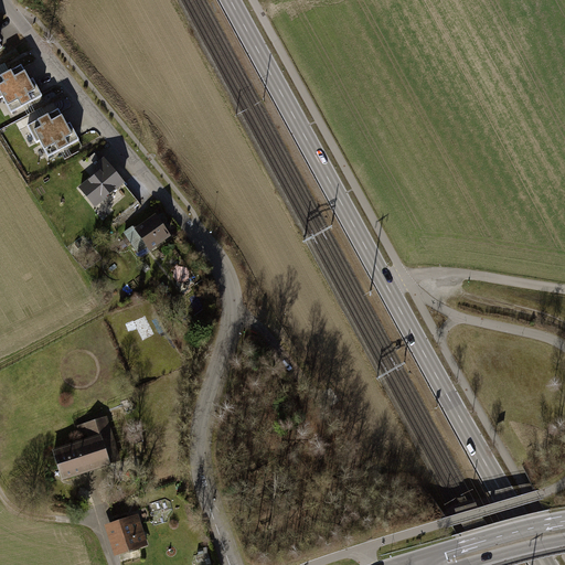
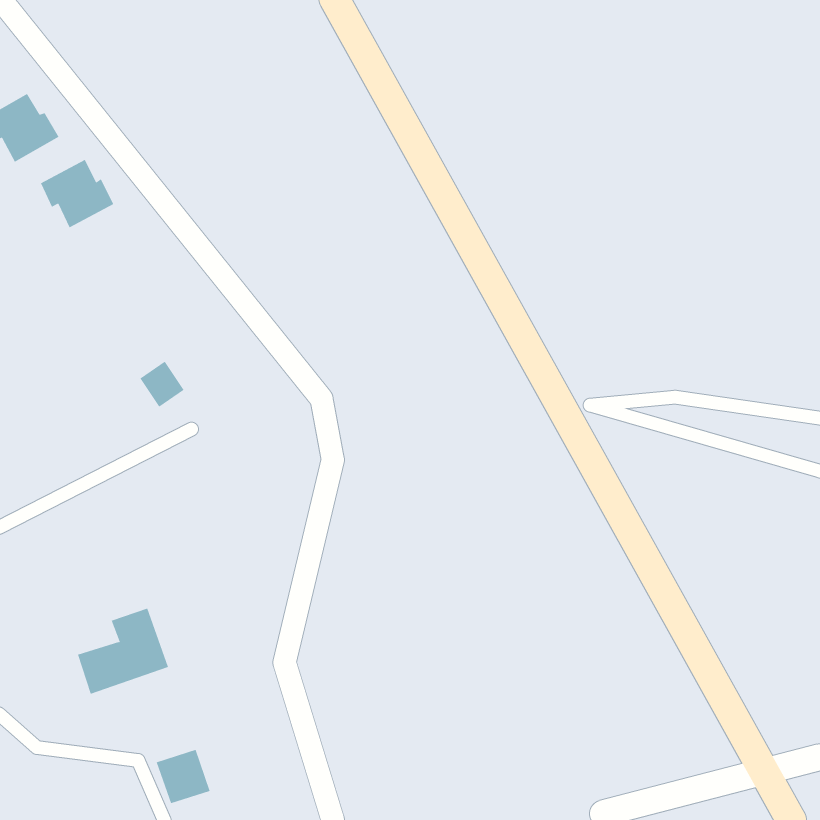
building: [79,162,121,204] -> none
building: [136,215,167,247] -> [140,361,185,407]

